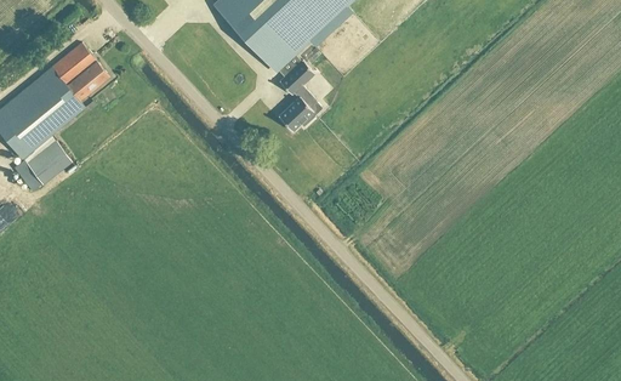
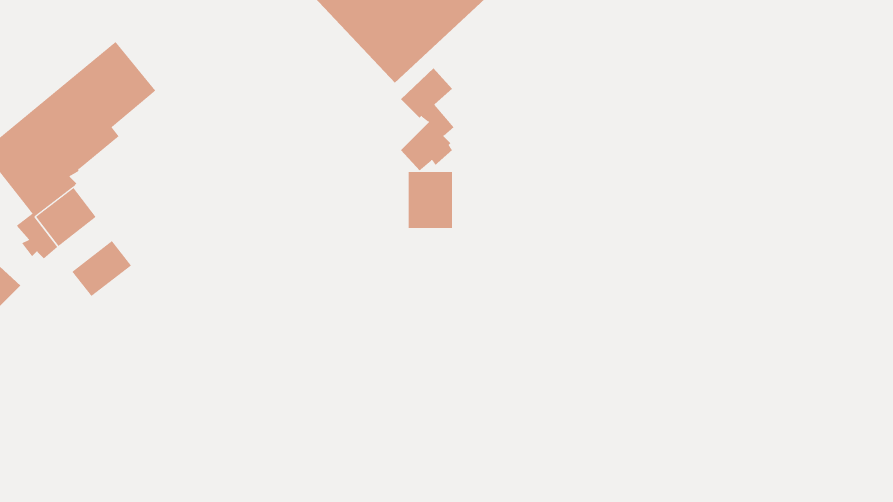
building: none -> [408,171,452,229]
building: none -> [72,240,132,297]

